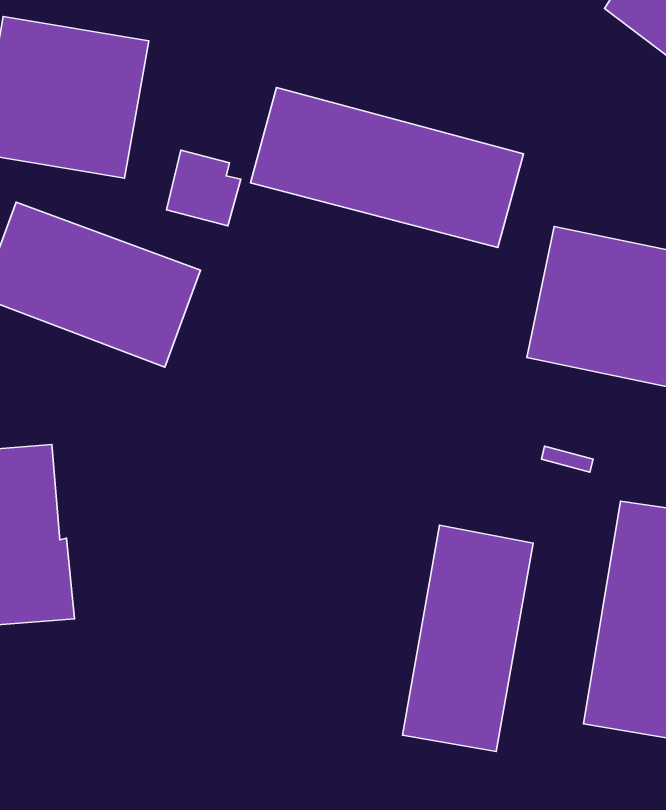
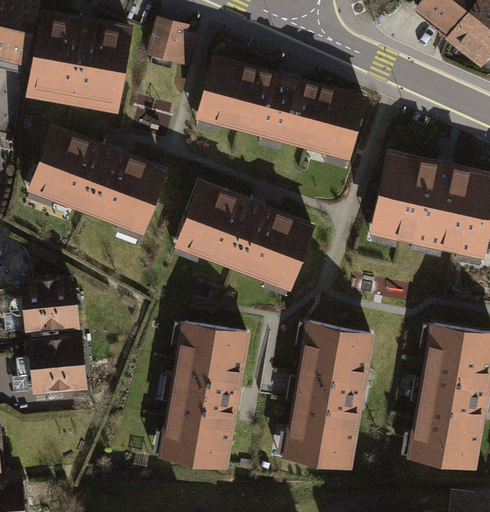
building: [166,150,241,226] -> [147,18,193,65]
building: none -> [178,188,312,295]
building: none -> [164,330,246,471]

